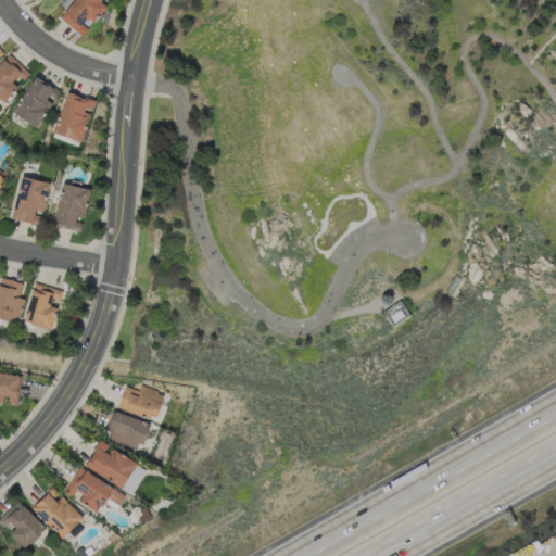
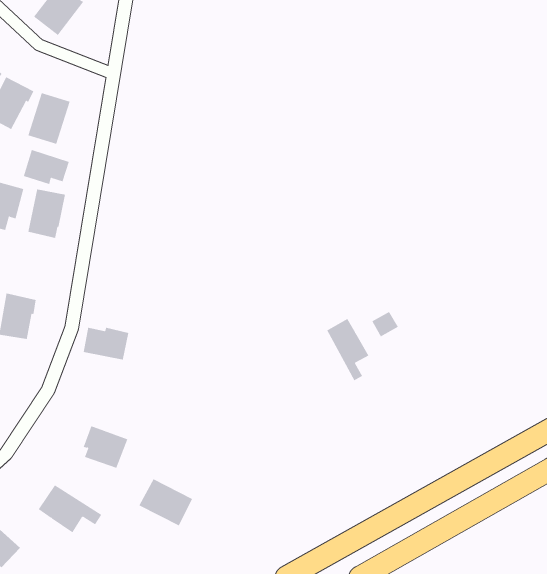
building: none -> [23,149,70,185]
building: none -> [327,318,369,381]
building: [119,387,164,418] -> [83,327,129,360]
building: [86,442,138,488] -> [138,478,193,526]
building: [33,488,84,539] -> none

